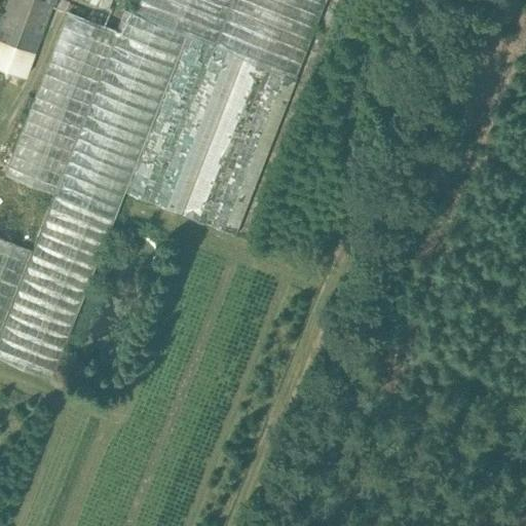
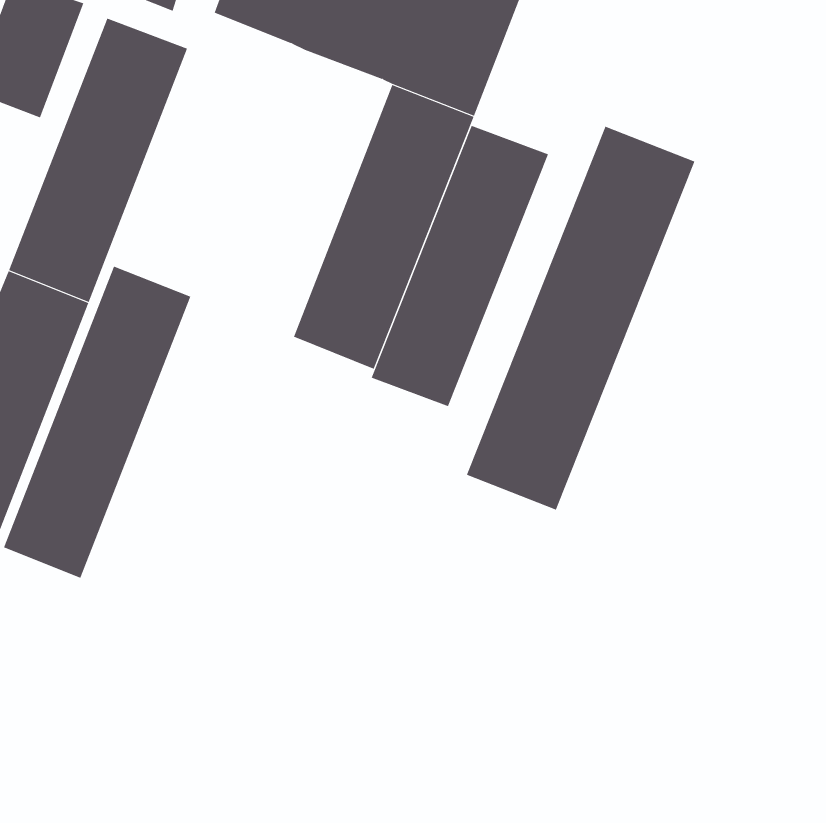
building: [72,8,185,188] -> none
building: [129,32,242,211] -> [371,125,549,407]
building: none -> [466,126,695,511]

